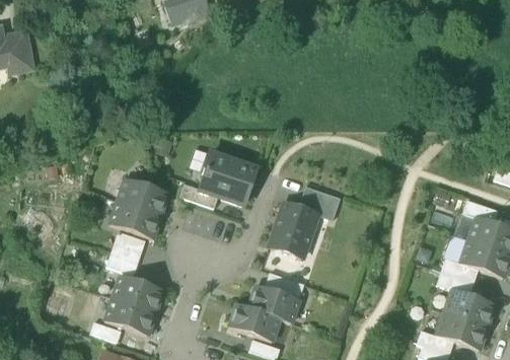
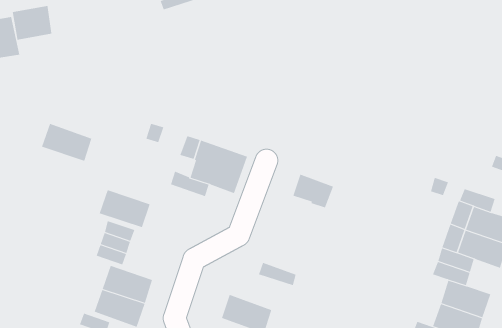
building: none -> [12,5,52,41]
building: [119,177,168,215] -> [41,123,92,161]
building: [270,202,318,258] -> none
building: [249,285,299,322] -> none

